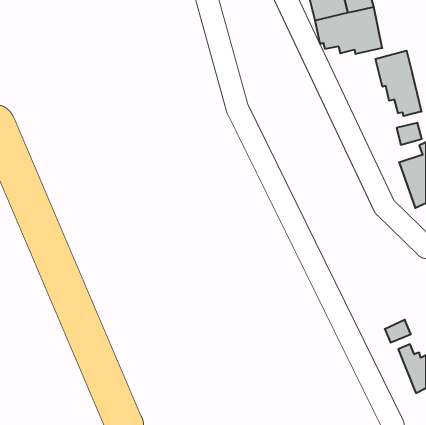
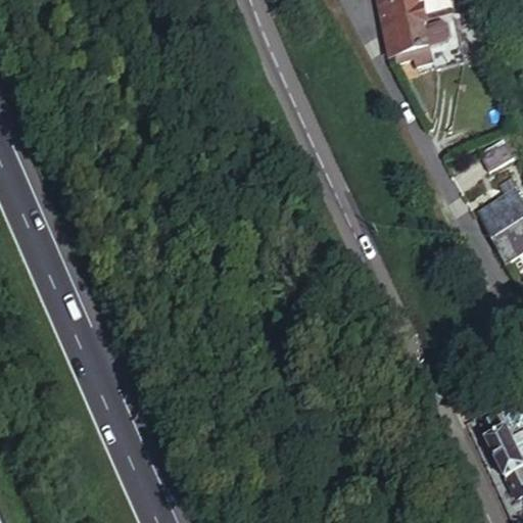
building: [376,51,421,116] -> none

